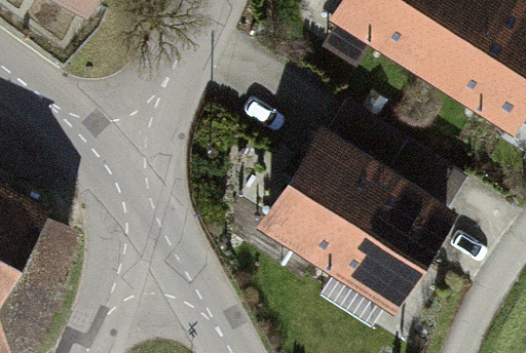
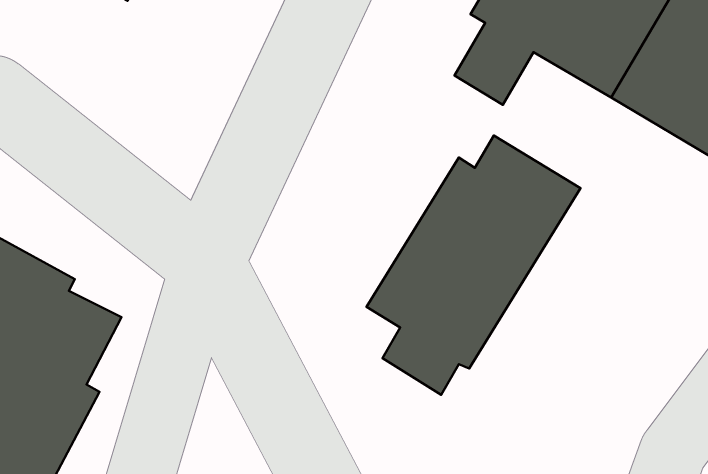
building: [329,147,467,315] -> none

